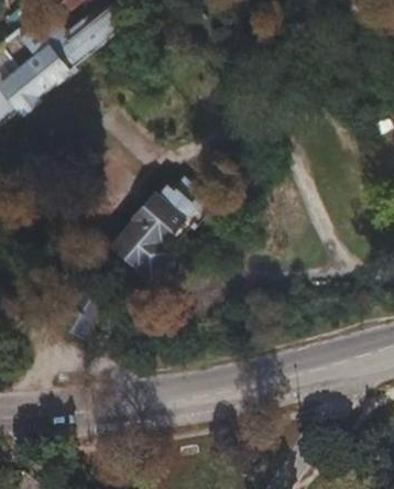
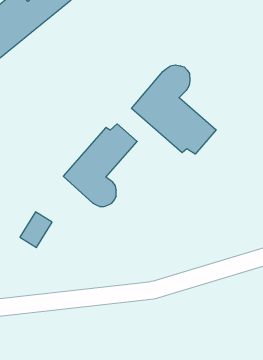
building: none -> [132,65,216,154]

